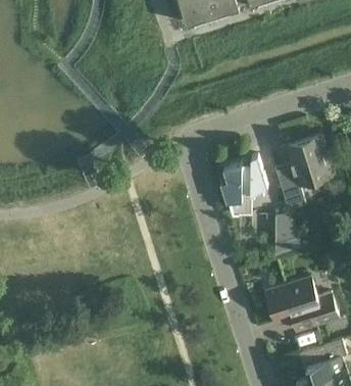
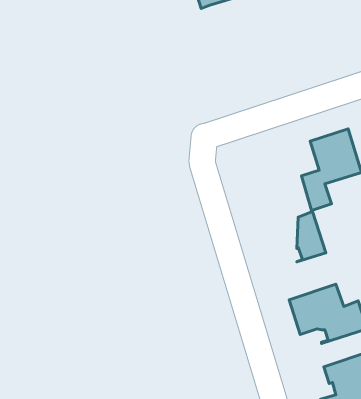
building: [220,156,268,215] -> none

